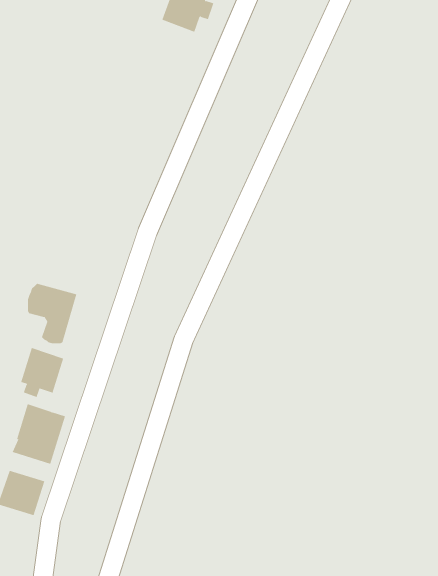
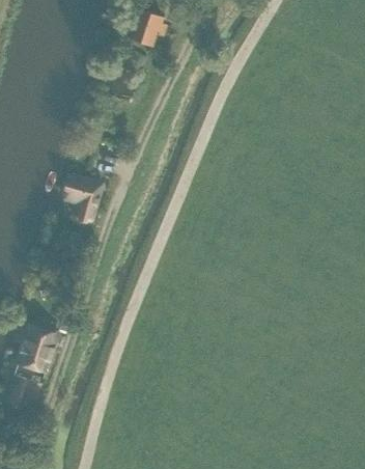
building: [27,283,77,344] -> [64,175,102,221]
building: [20,347,64,398] -> none

